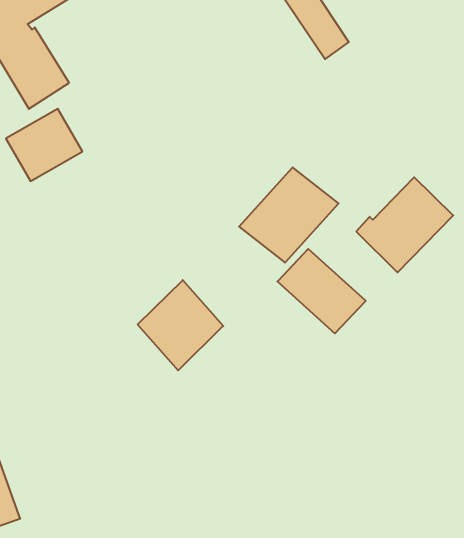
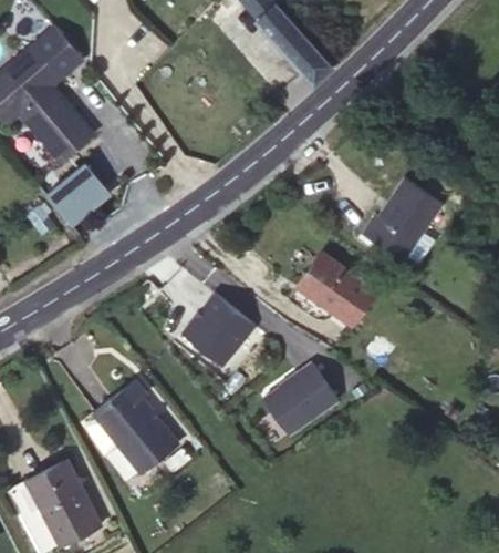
building: [239,167,339,263] -> none
building: none -> [92,377,177,472]
building: none -> [264,370,337,442]

